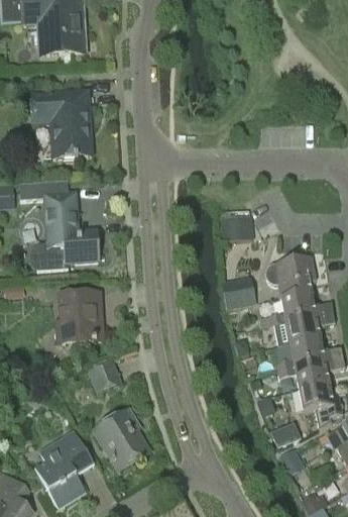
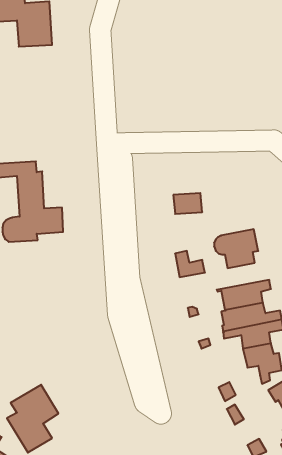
building: [32,90,93,156] -> none
building: [60,291,103,341] -> none
building: [268,294,328,324] -> none
building: [89,359,121,392] -> none
building: [93,410,149,471] -> none

